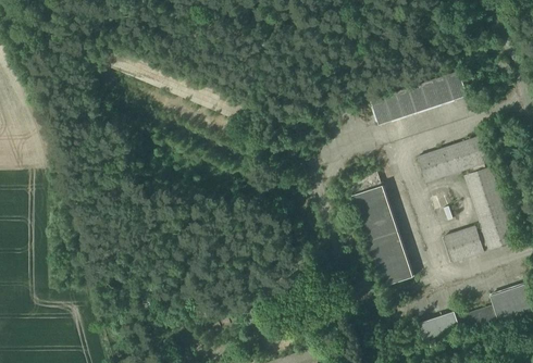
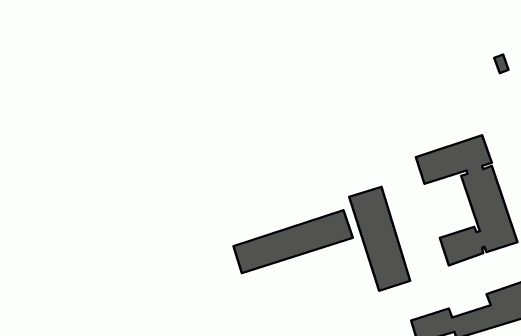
building: [371,71,469,125] -> none
building: none -> [234,210,353,273]

